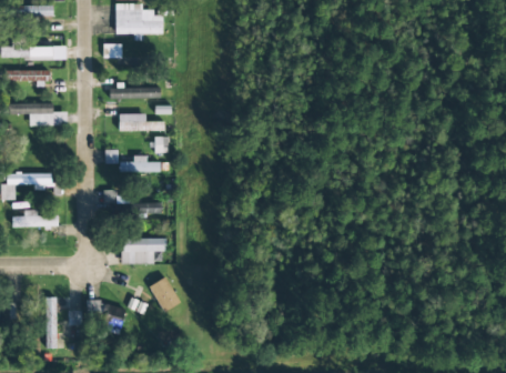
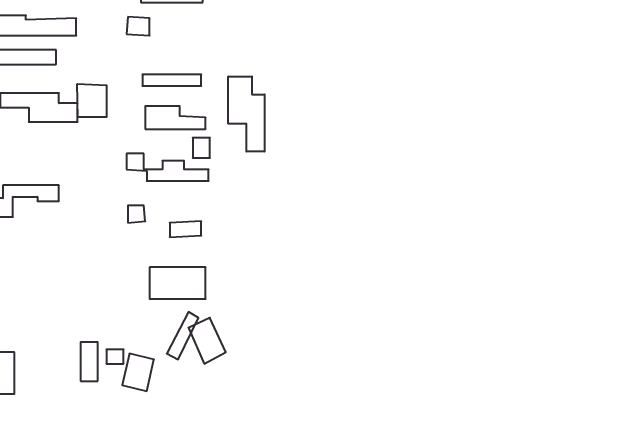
building: none -> [228,76,265,152]
building: none -> [77,84,107,117]
building: [12,210,58,228] -> none
building: [42,300,63,347] -> none

